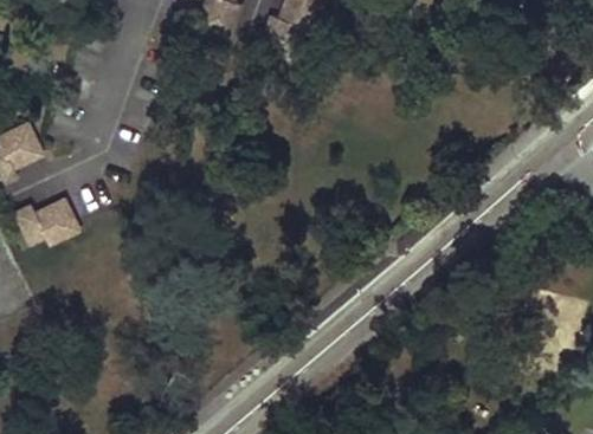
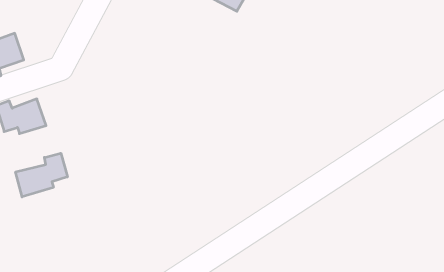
building: none -> [16,153,67,197]

